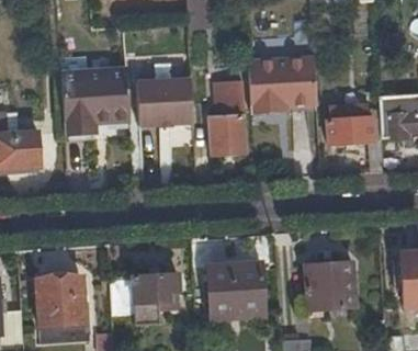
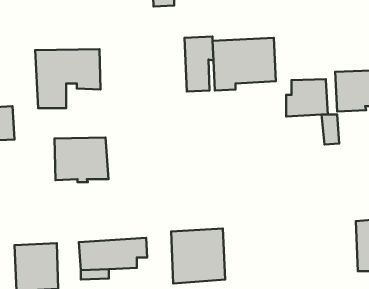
building: [137,82,194,129] -> [55,138,109,182]
building: [215,115,250,157] -> none
building: [304,263,355,312] -> none

